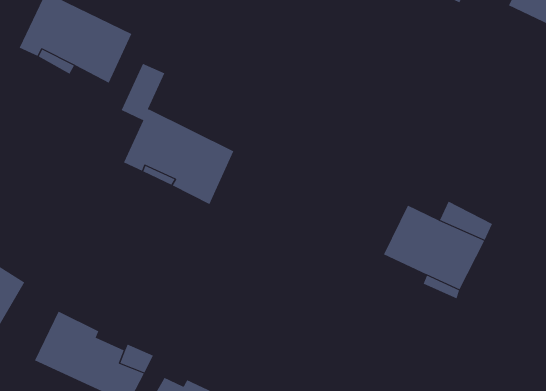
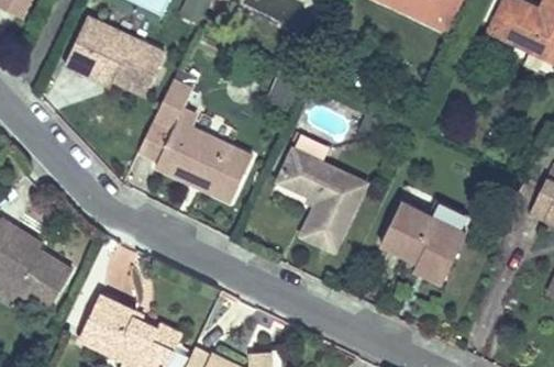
building: none -> [277,146,366,251]

